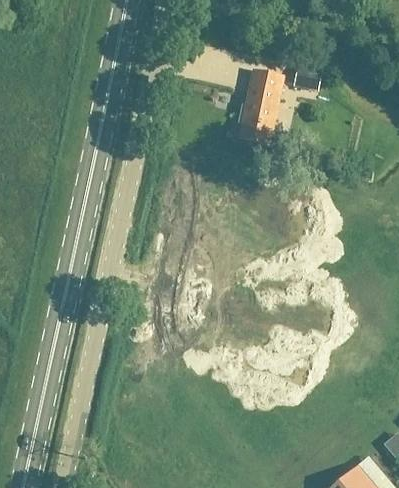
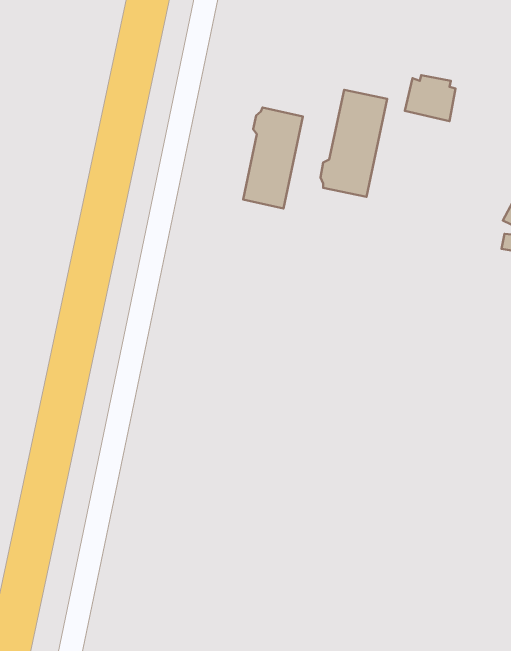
building: none -> [243,108,303,208]

